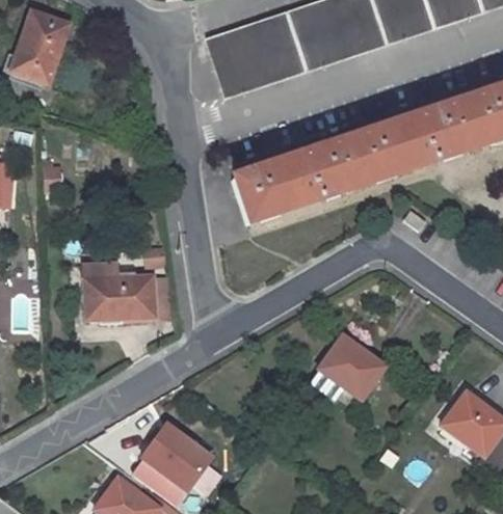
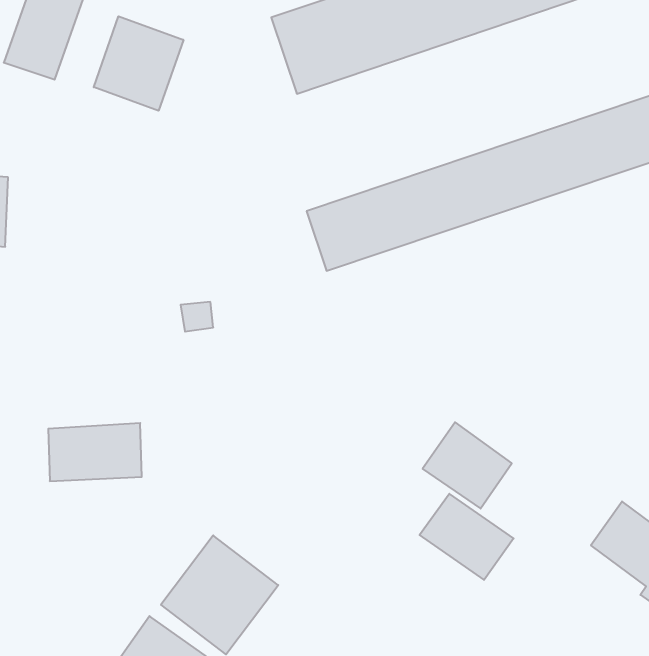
building: none -> [94,16,183,111]
building: [85,276,154,319] -> [48,423,142,481]
building: none -> [420,494,514,580]

